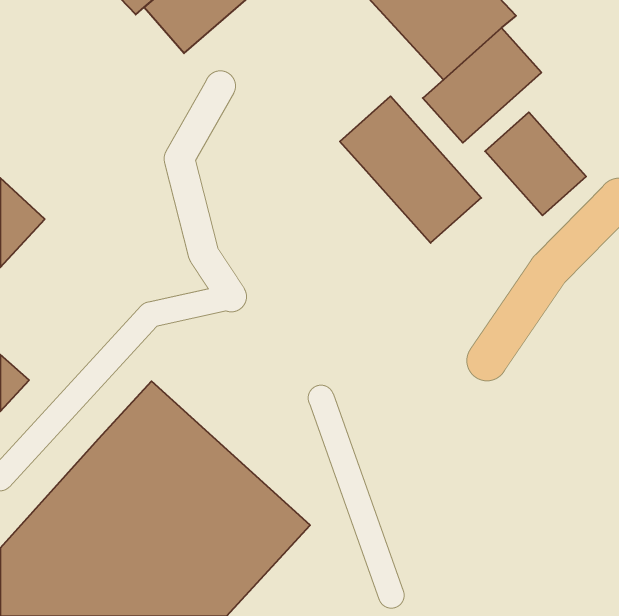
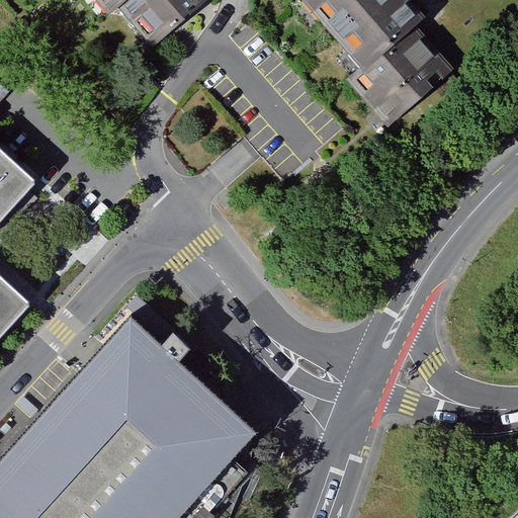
building: [340,96,481,243] -> none
building: [485,112,586,215] -> none

